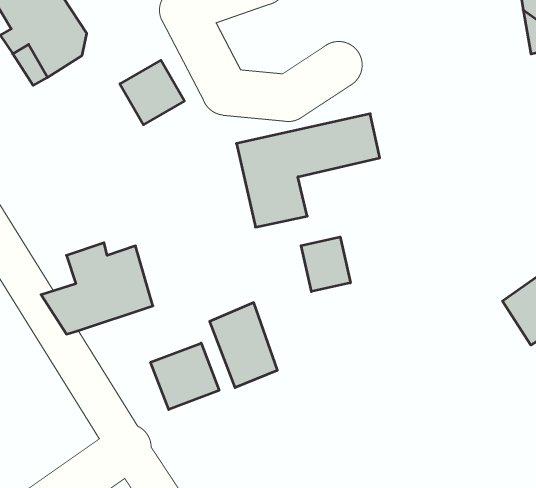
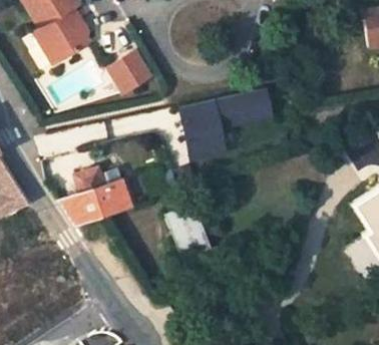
building: [301,237,350,292] -> none
building: [151,343,219,410] -> none

